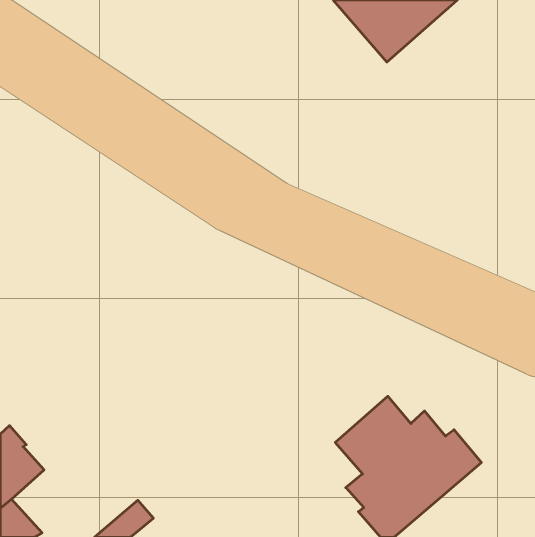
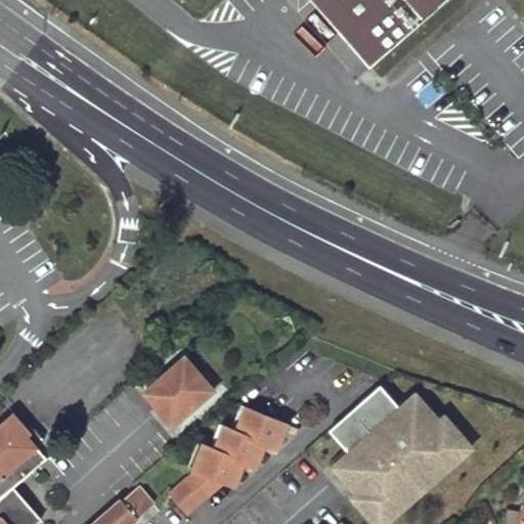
building: none -> [141,357,211,427]
building: none -> [168,412,281,514]

